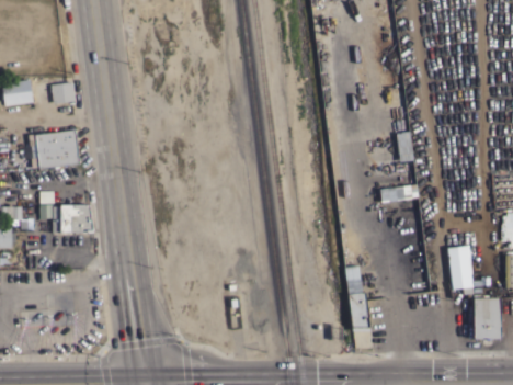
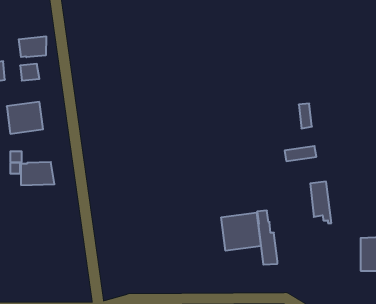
building: none -> [19,36,46,57]
building: [447,247,474,298] -> [310,182,331,223]
building: none -> [221,213,261,251]

